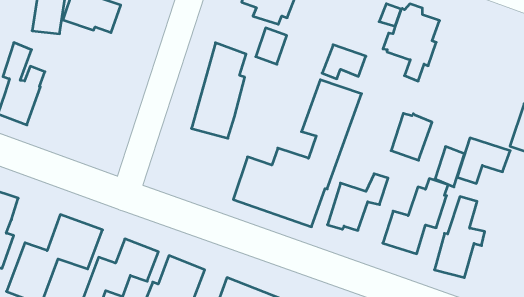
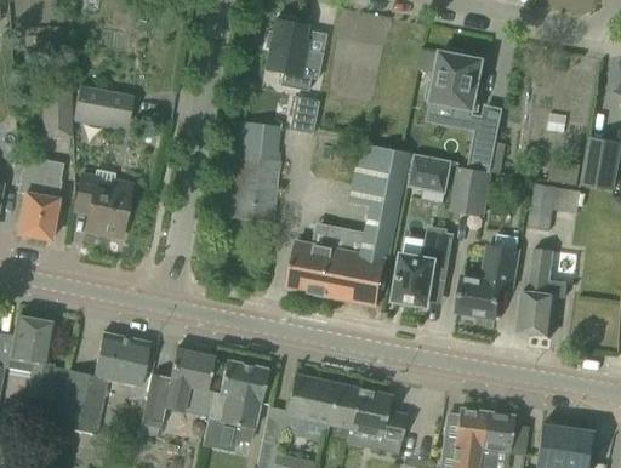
building: [322,45,366,79] -> [408,154,452,190]
building: none -> [74,170,131,238]
building: [435,147,464,187] -> [469,130,497,172]

